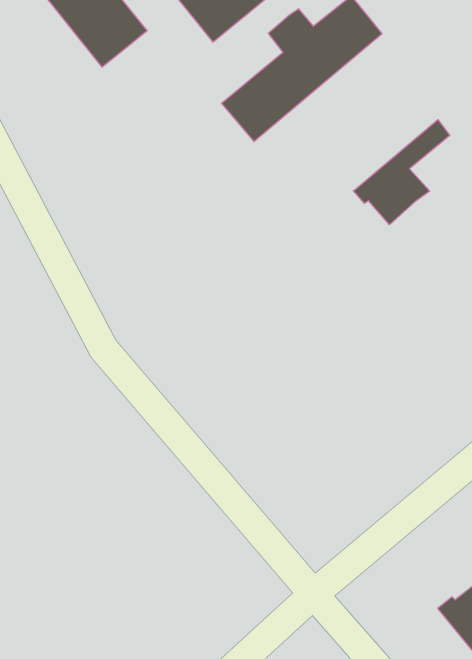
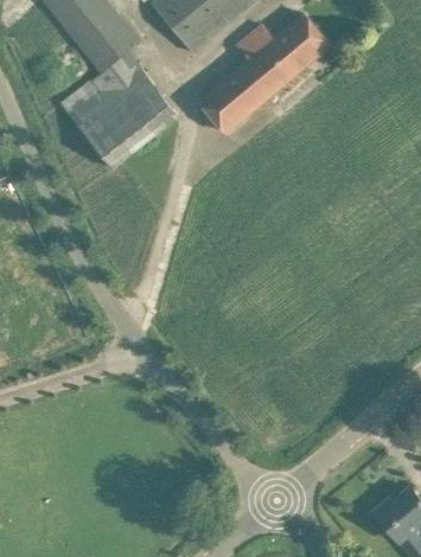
building: none -> [68,57,176,167]
building: [353,120,450,225] -> none

